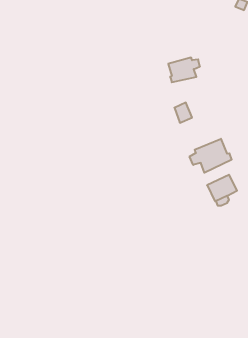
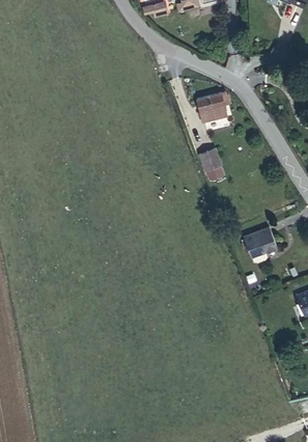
building: [190,139,232,173] -> none

